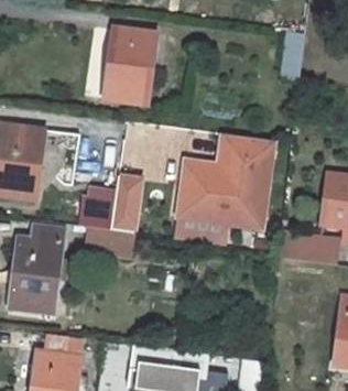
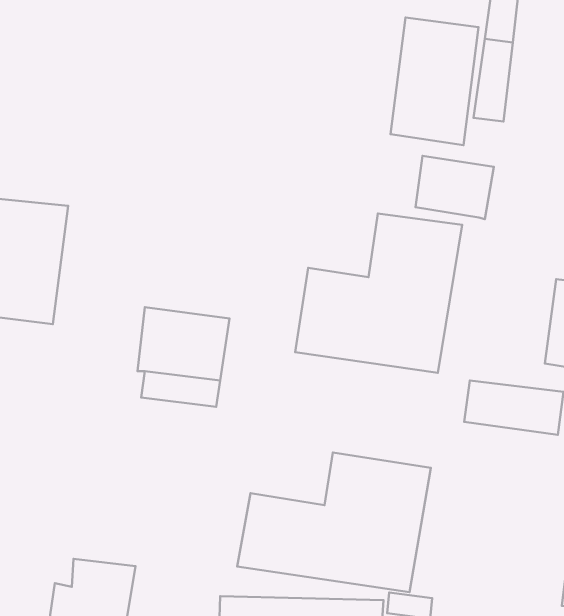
building: [104,30,155,105] -> [390,18,479,145]
building: none -> [416,156,494,219]
building: [9,227,79,314] -> none
building: none -> [237,452,431,592]

